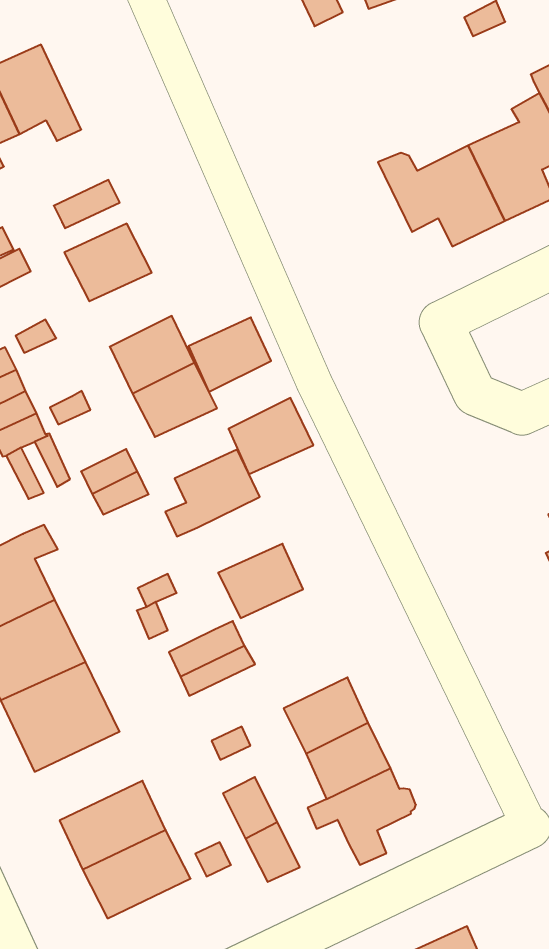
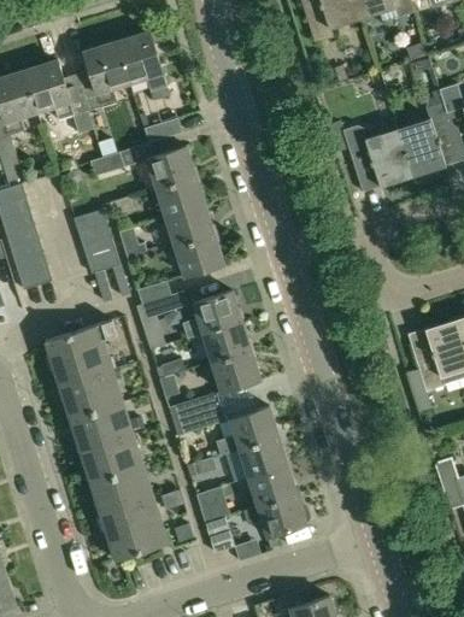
building: [188,317,271,392] -> [157,177,205,218]
building: [228,398,313,474] -> [202,321,252,363]
building: none -> [218,406,280,456]
building: none -> [84,449,148,498]

